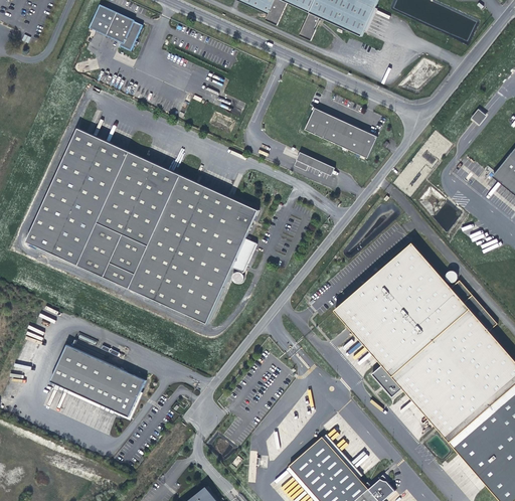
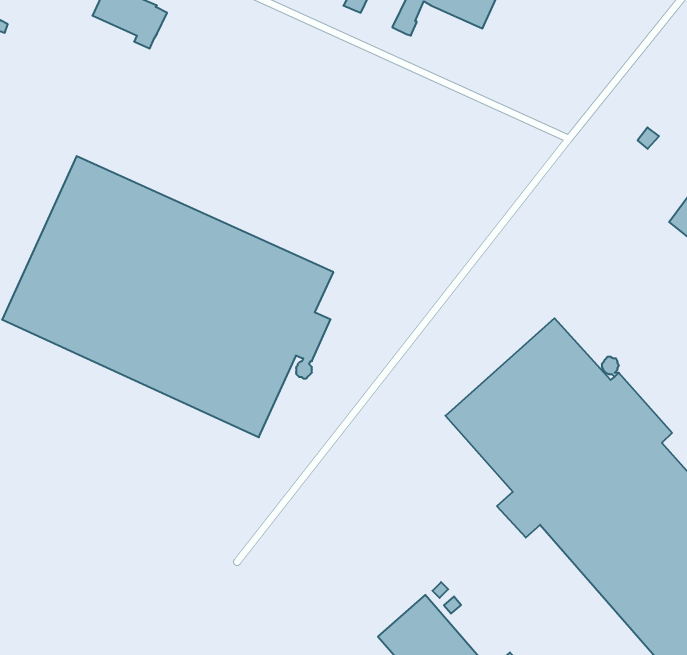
building: [304,107,377,157] -> none
building: [295,151,335,174] -> none
building: [47,346,143,419] -> none

